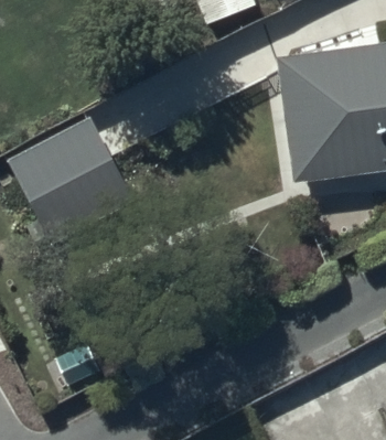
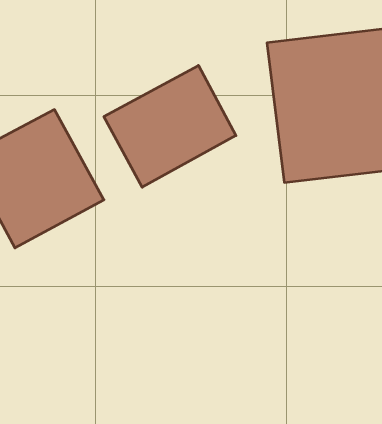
building: none -> [104,65,236,187]

